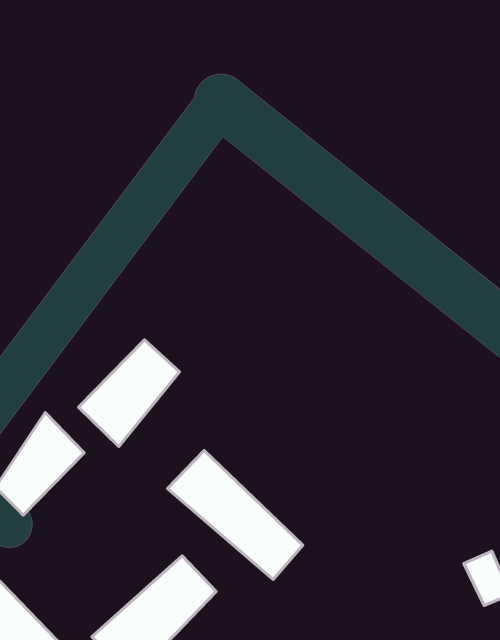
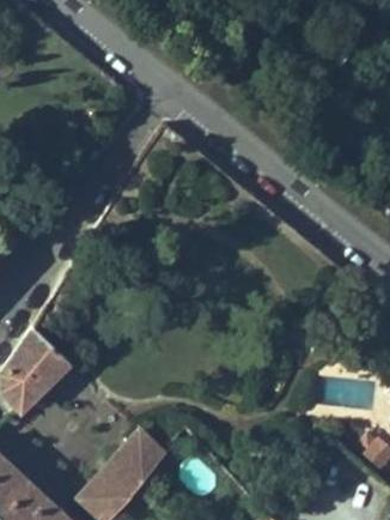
building: [79,340,180,446] -> none
building: [167,450,303,579] -> none

